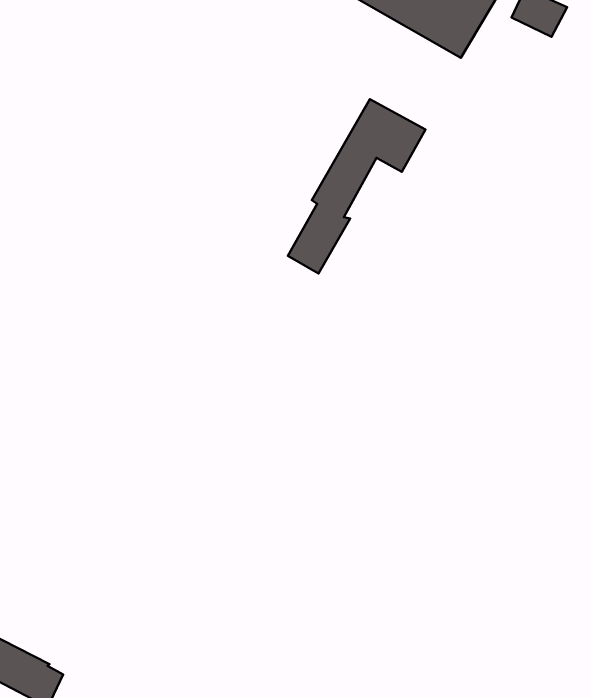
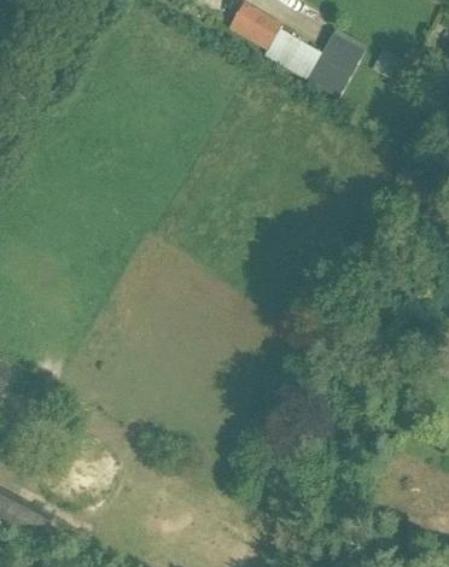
building: [288,99,425,273] -> none

